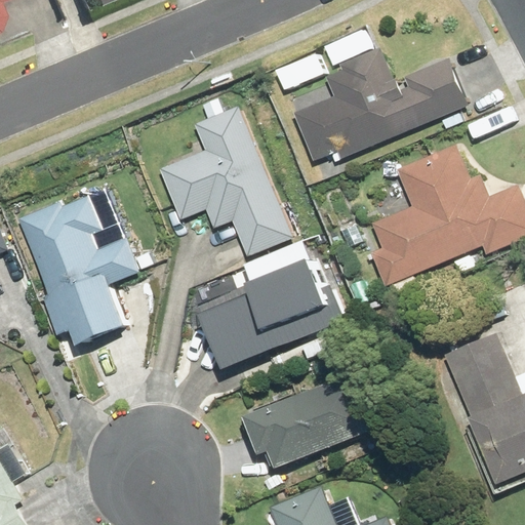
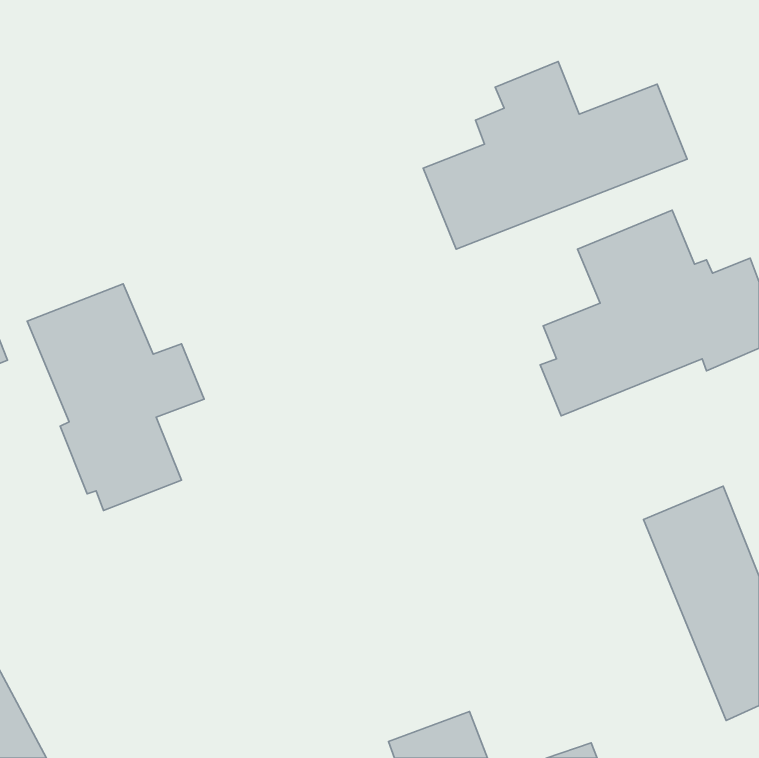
building: [158,100,293,249] -> none
building: [201,268,344,364] -> none
building: [242,376,379,468] -> none

